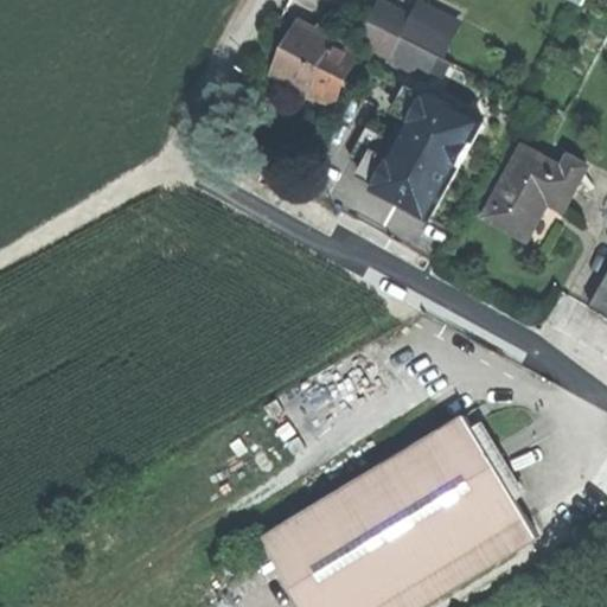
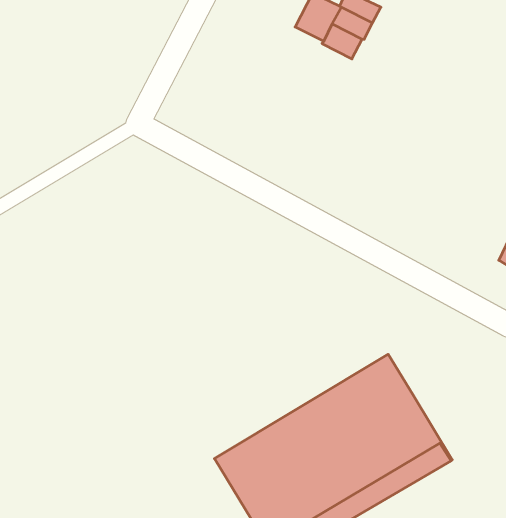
building: [273,26,352,101] -> none
building: [345,92,478,221] -> none
building: [481,148,583,239] -> none

